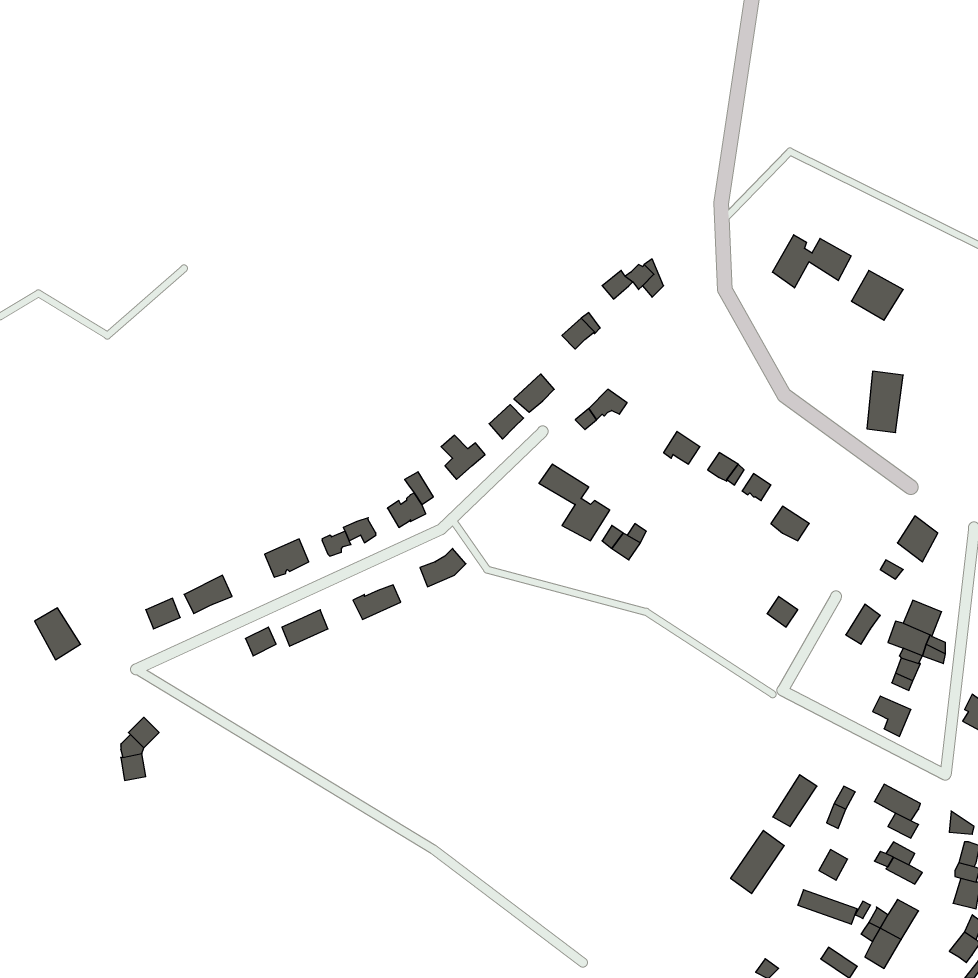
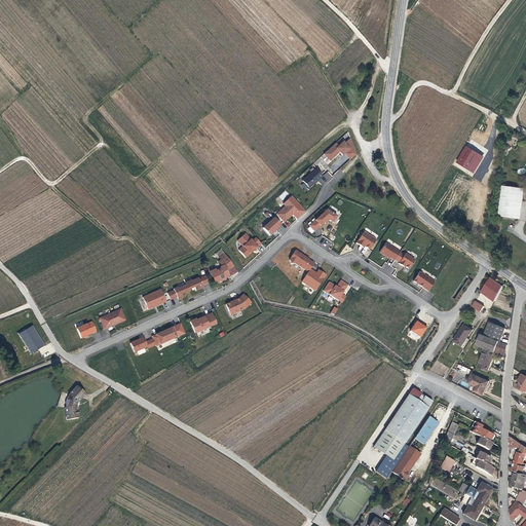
building: [772,235,851,288] -> none
building: [867,371,903,433] -> [500,186,520,219]
building: none -> [374,387,434,459]

